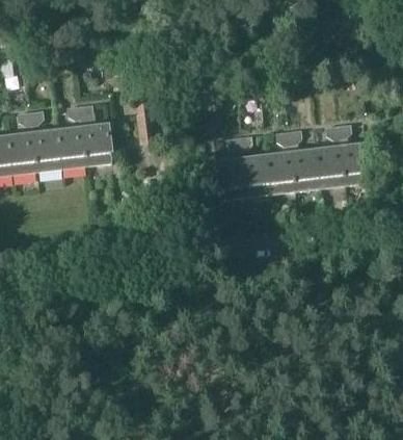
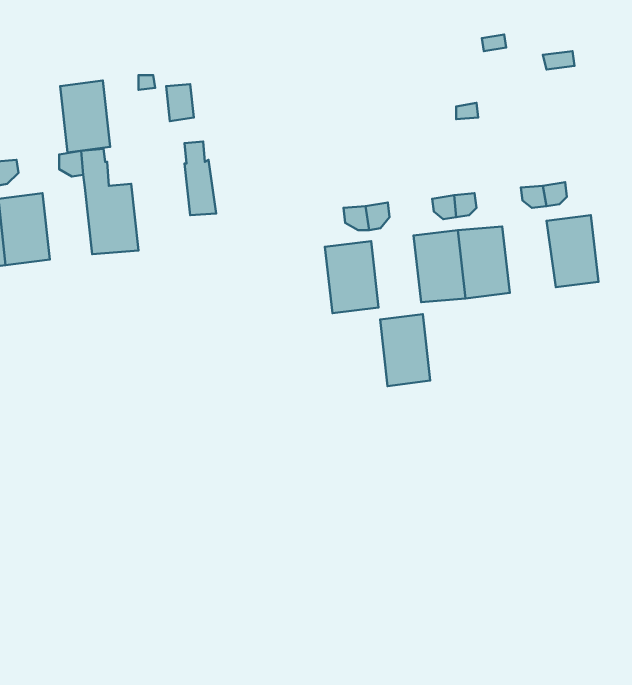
building: [56,126,84,166] -> [60,80,110,152]
building: [315,145,345,185] -> none
building: [241,153,269,193] -> [380,314,430,386]

